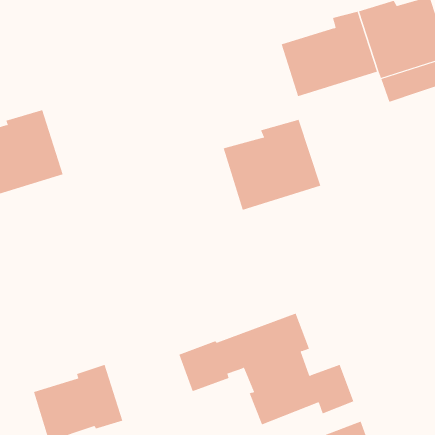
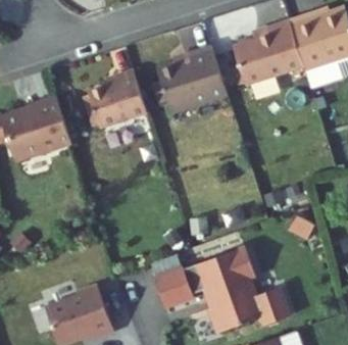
building: none -> [89,72,147,129]
building: [223,119,321,211] -> [155,49,228,116]

